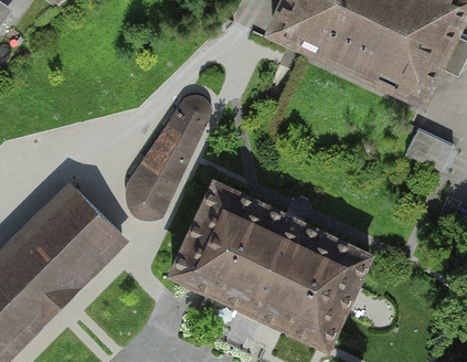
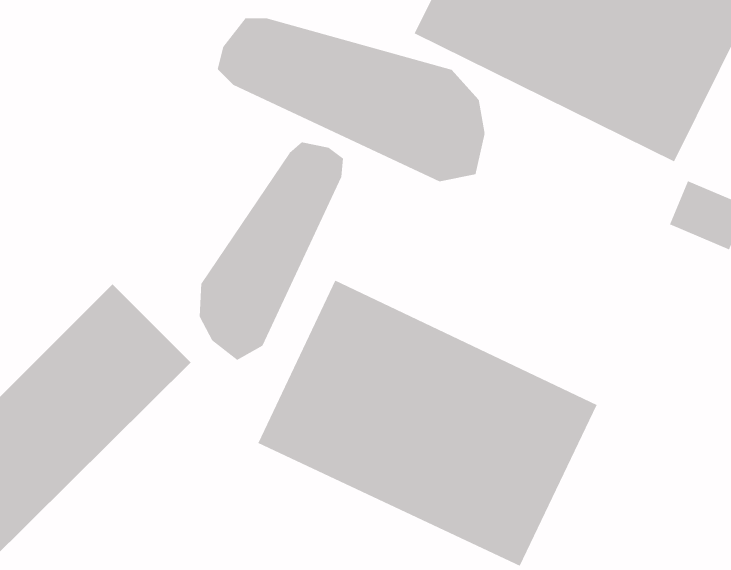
building: none -> [217,18,485,182]

